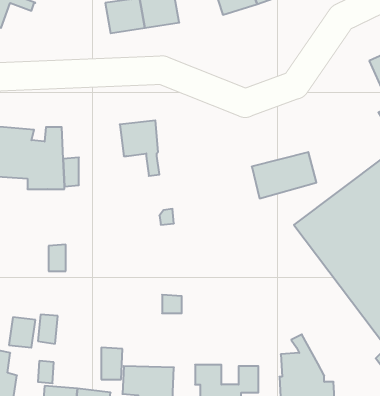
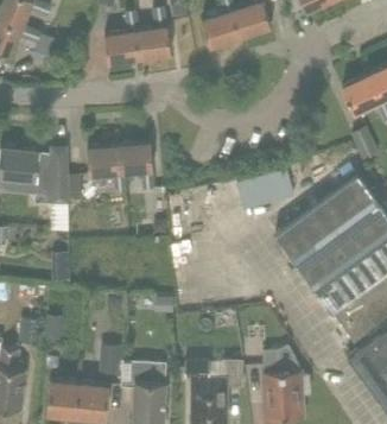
building: none -> [85,146,126,194]

